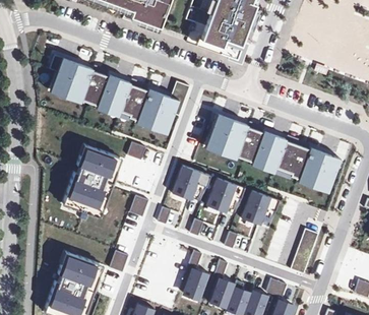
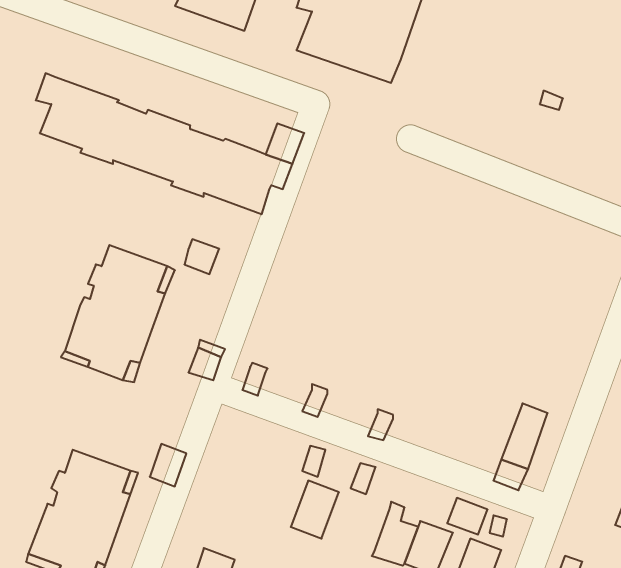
building: [206,113,340,186] -> none
building: [172,165,206,200] -> none
building: [206,177,241,212] -> none
building: [241,189,276,225] -> none
building: [209,277,235,306] -> none

